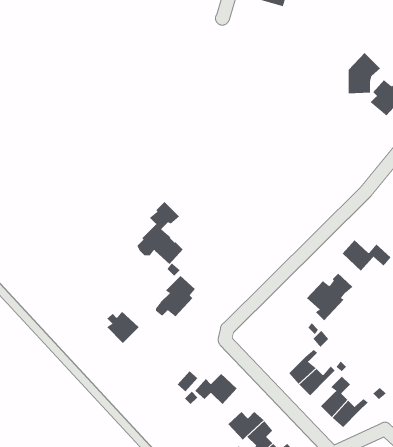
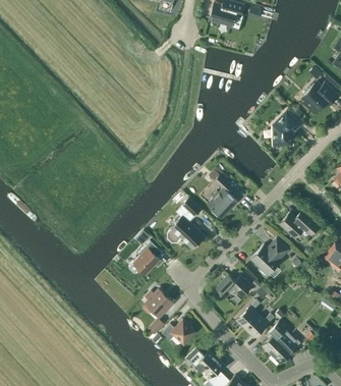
building: [348,52,381,94] -> [273,111,299,145]
building: none -> [207,174,237,218]
building: [136,201,183,265] -> [166,198,204,249]
building: [106,311,139,344] -> [146,289,172,316]
building: none -> [216,274,251,296]

